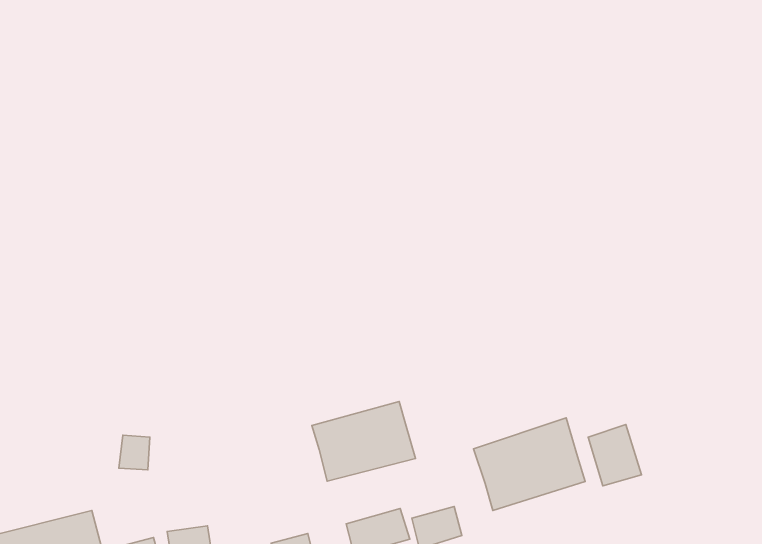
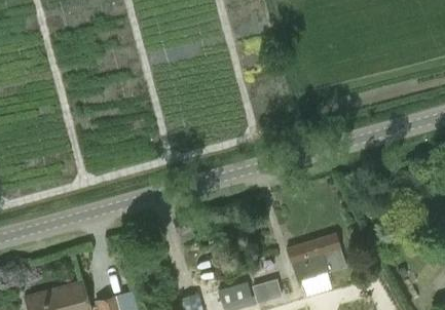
building: [312,401,416,481] -> none
building: [588,425,642,486] -> none

